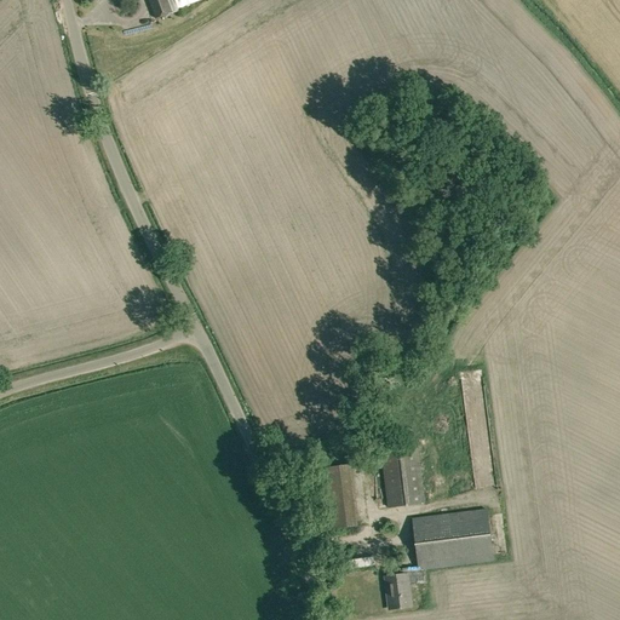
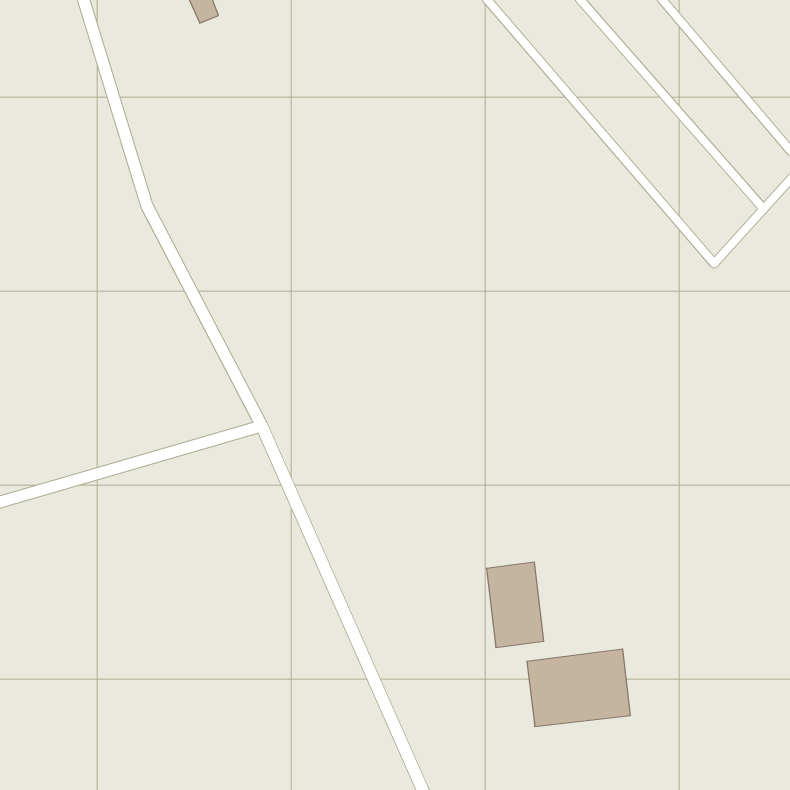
building: [321,464,358,529] -> none
building: [386,566,427,609] -> none

